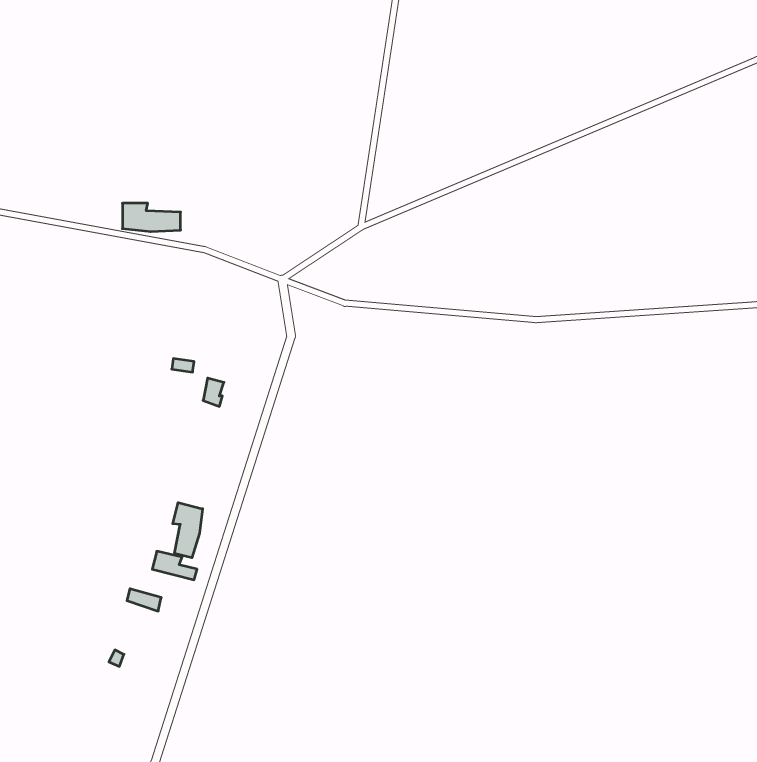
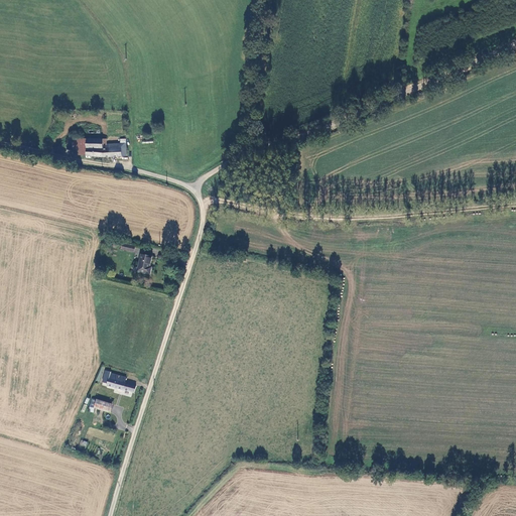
building: [173,503,203,558] -> none

